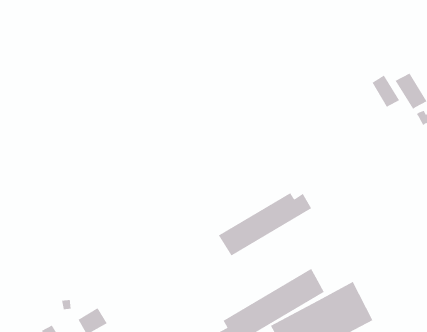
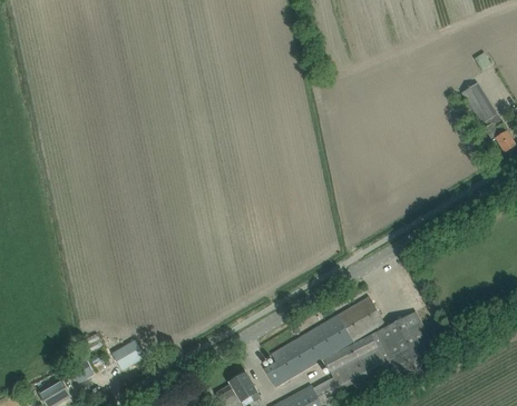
building: [372,75,400,108] -> none
building: [218,192,312,256] -> none

